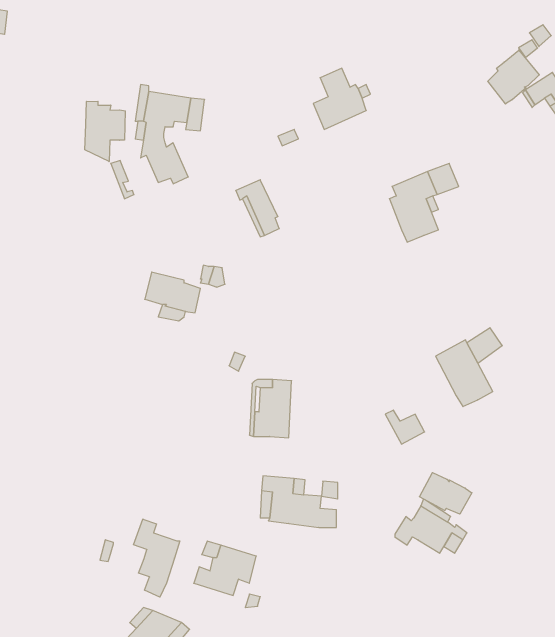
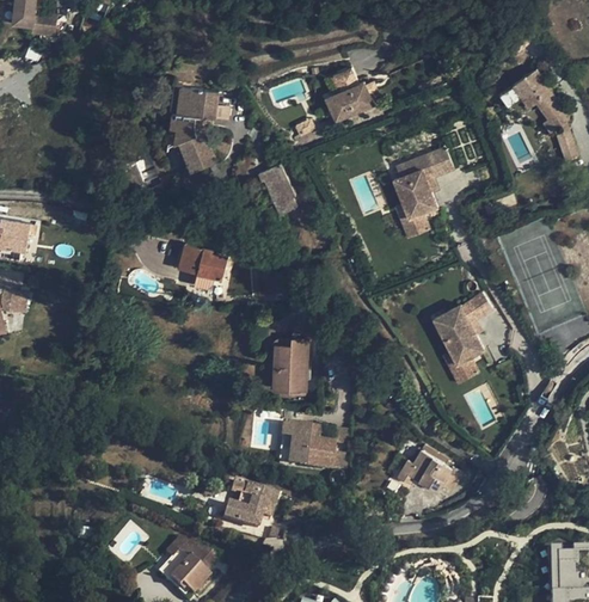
building: [488,50,539,104] -> none
building: [85,101,125,162] -> none
building: none -> [397,208,429,238]
building: [385,410,425,444] -> [444,354,479,383]
building: [419,473,472,514] -> none
building: [134,519,180,597] -> none

